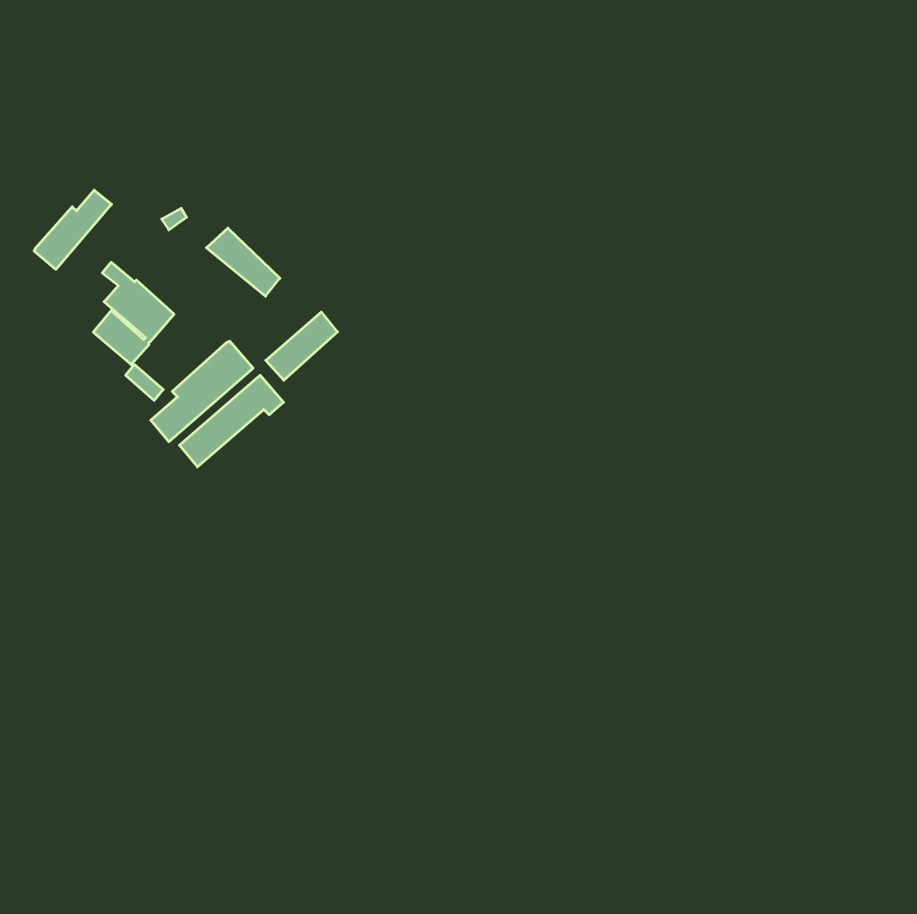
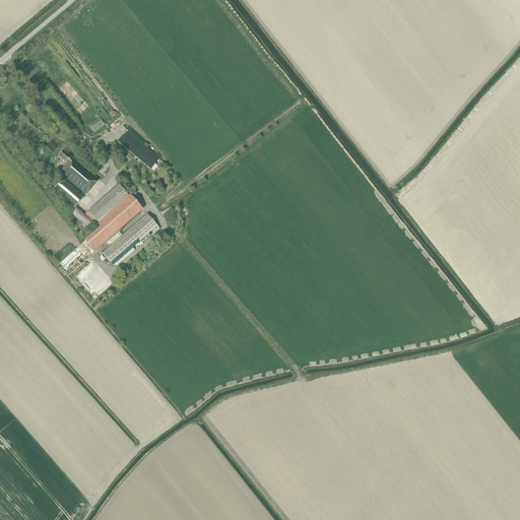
building: [34,190,112,269] -> none
building: [266,312,338,380] -> [87,183,128,221]

